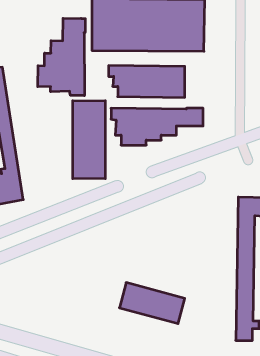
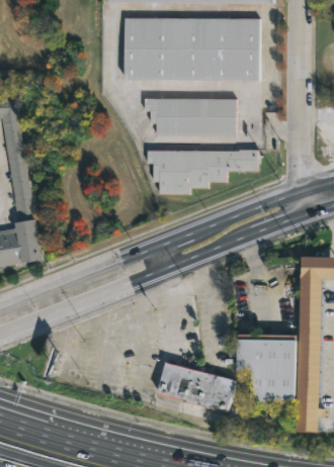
building: [38,18,85,96] -> none
building: [73,101,105,179] -> none
building: none -> [238,332,296,399]

